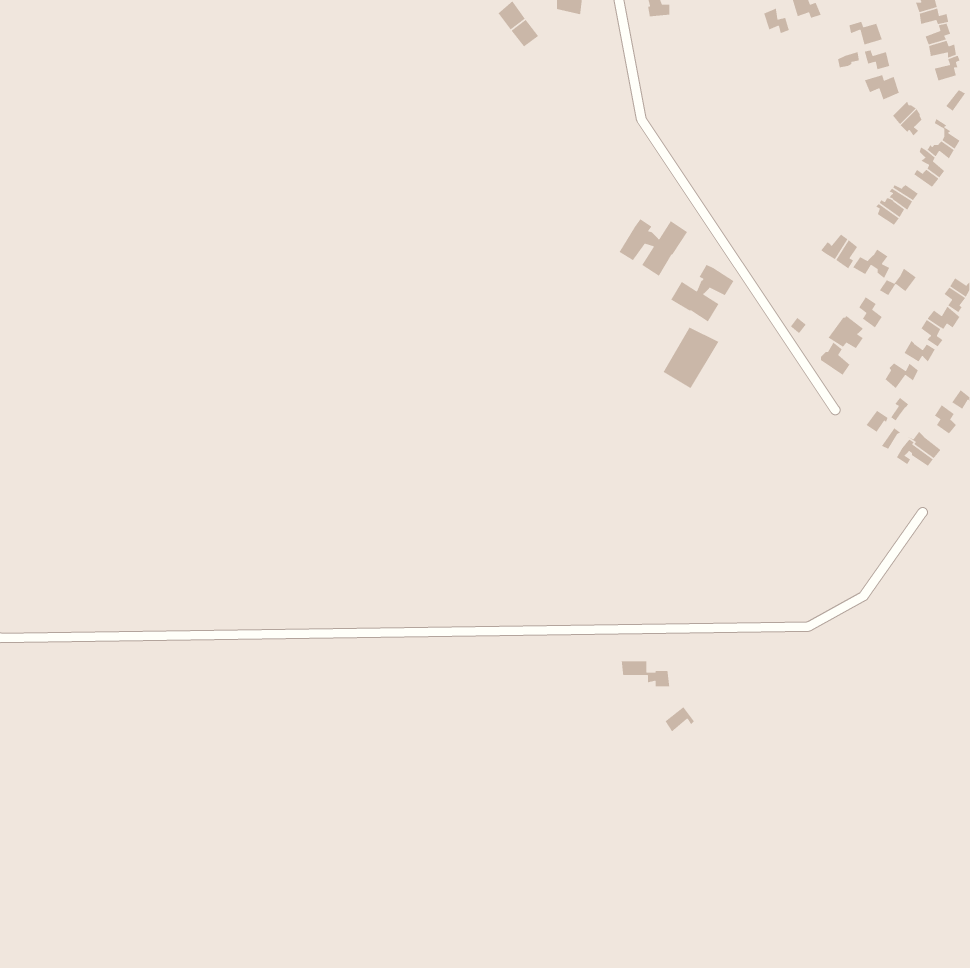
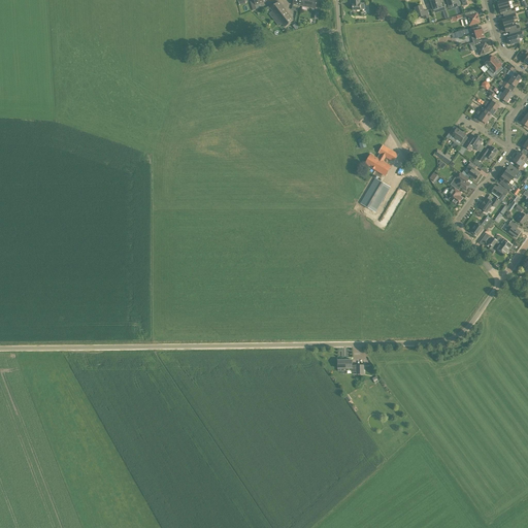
building: [618,218,688,277] -> none

